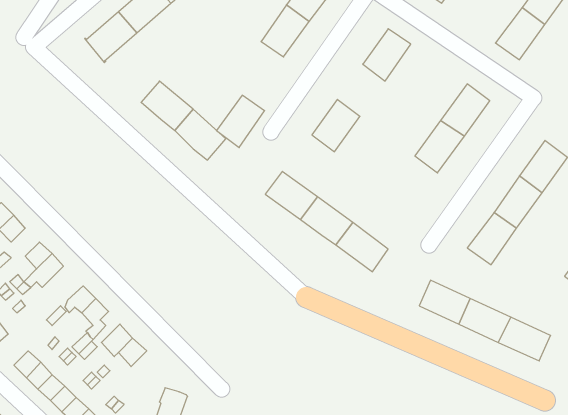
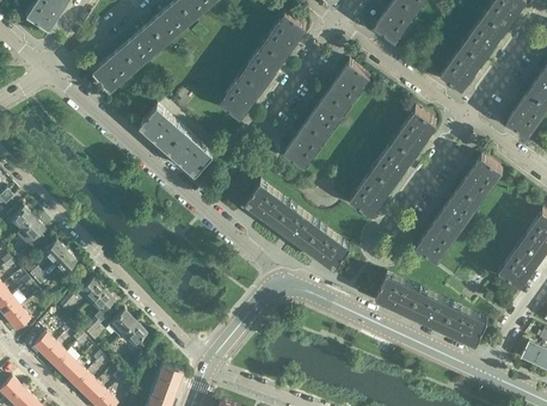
building: none -> [307,93,348,137]
building: [217,95,265,148] -> [221,74,262,118]
building: none -> [351,171,392,215]

